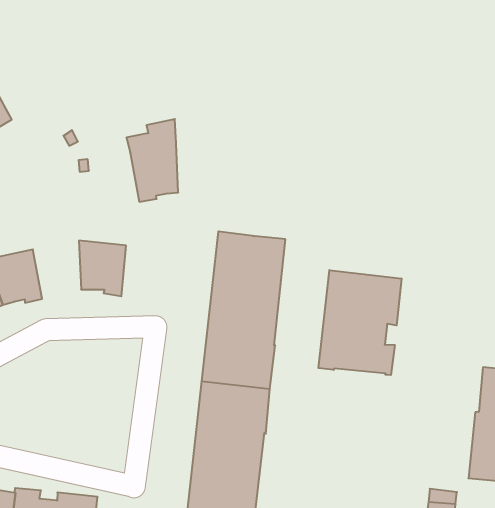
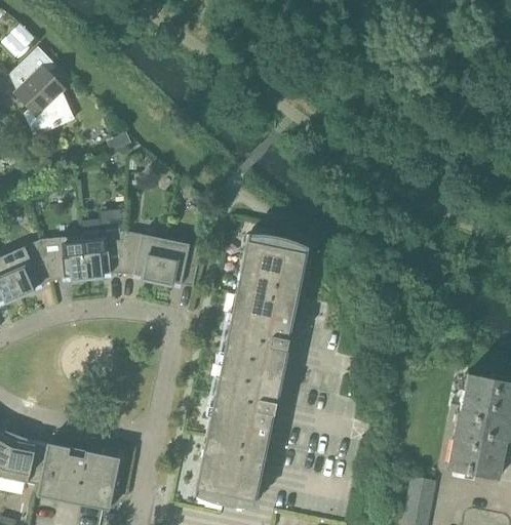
building: [126,119,178,202] -> [81,209,125,279]
building: none -> [157,239,202,287]
building: [318,270,401,375] -> none

